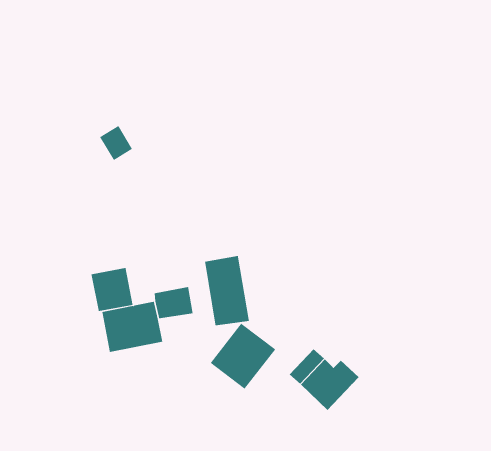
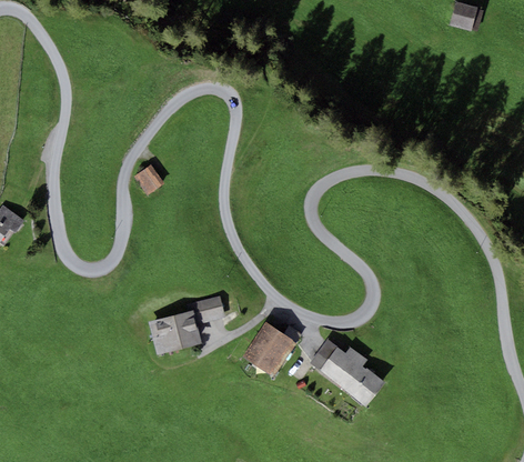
building: [205,255,249,326] -> none
building: [91,267,133,312] -> none
building: none -> [343,365,385,406]

